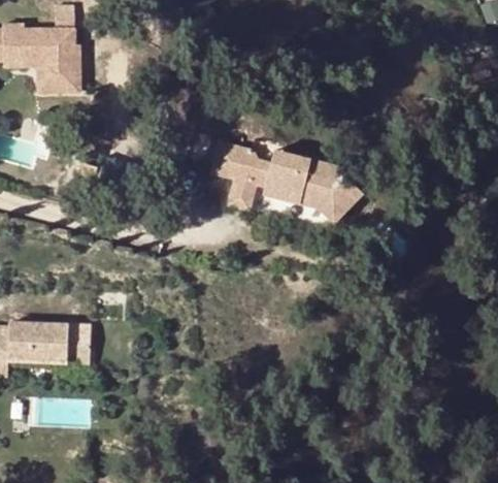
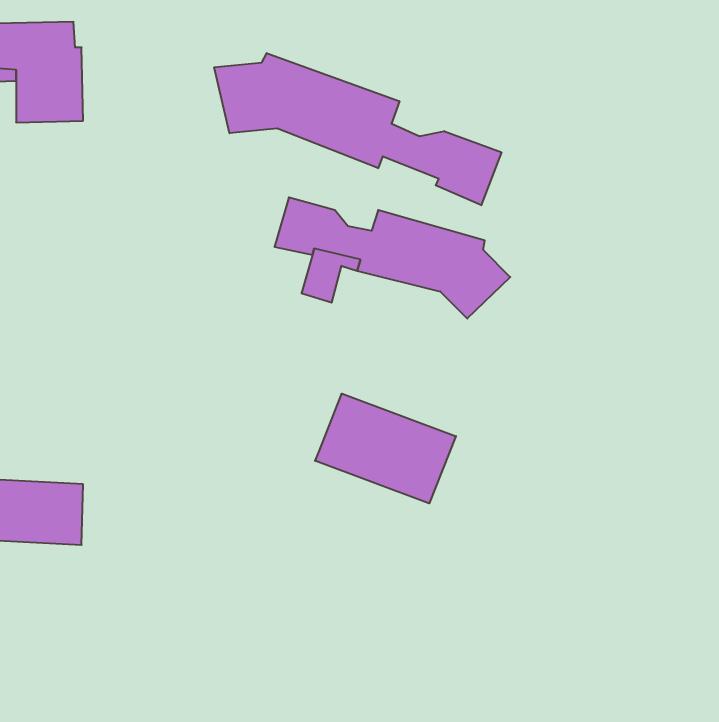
building: none -> [214,53,501,205]
building: none -> [315,394,456,503]

